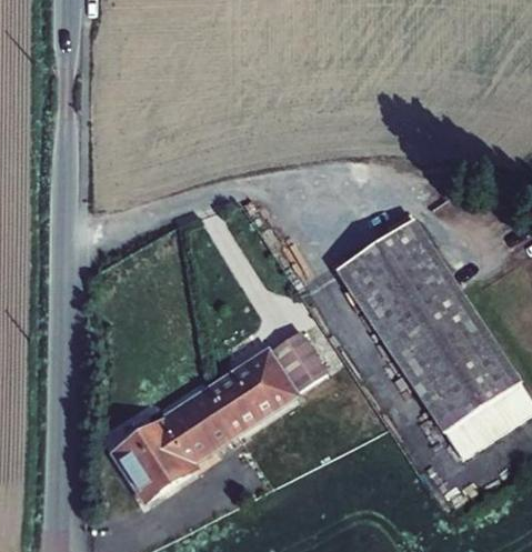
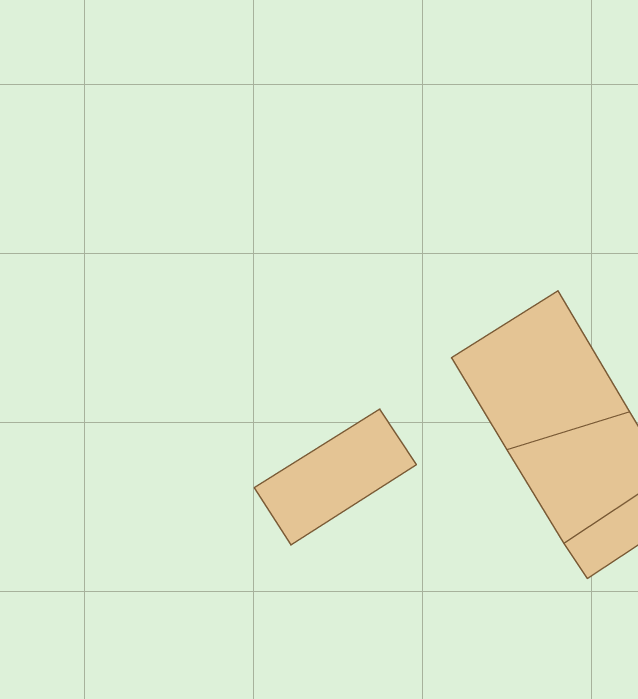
building: [340,218,435,291] -> none
building: [104,390,232,505] -> none

